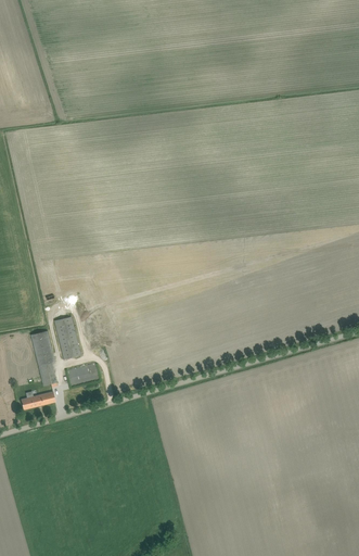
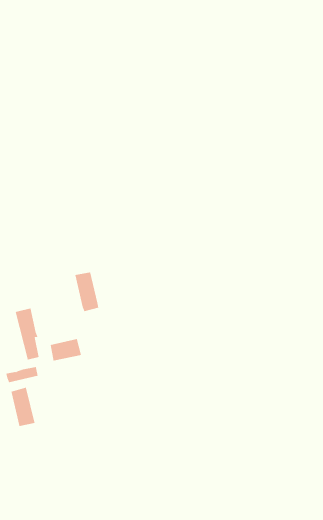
building: [54,317,80,359] -> [74,272,99,312]
building: none -> [11,387,35,427]

